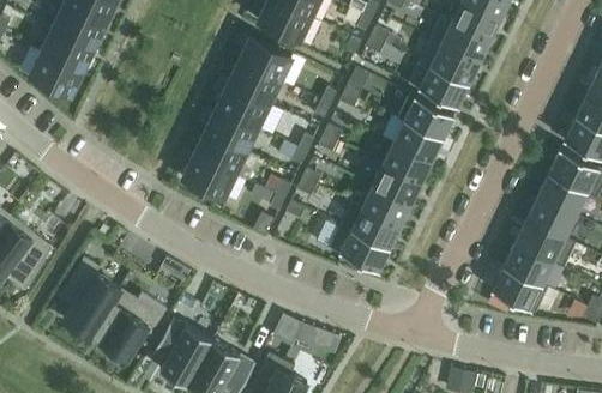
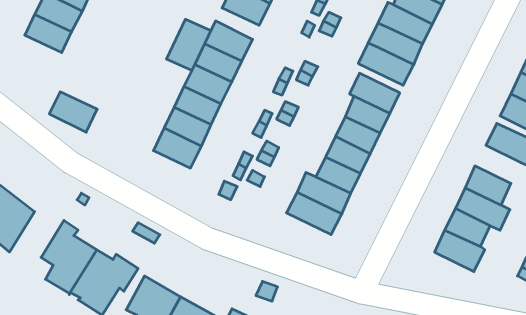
building: none -> [167,19,211,70]
building: [29,53,82,97] -> [49,92,97,132]
building: [536,174,586,216] -> none

